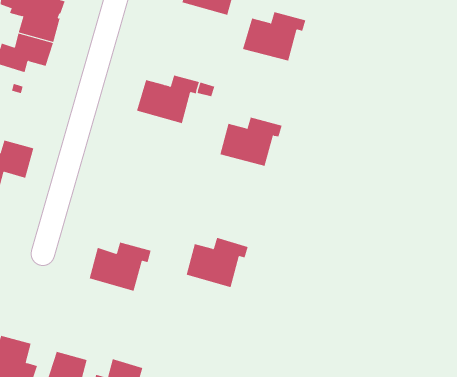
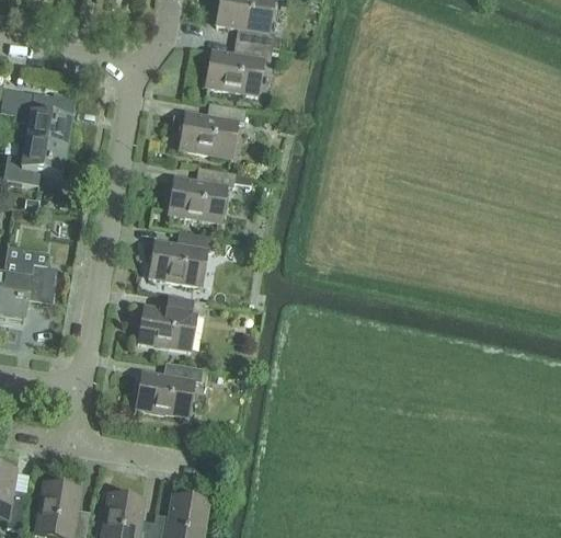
building: [242,12,306,61] -> [178,103,245,157]
building: [220,117,282,166] -> [148,231,215,285]
building: [186,237,249,288] -> [137,296,204,351]

